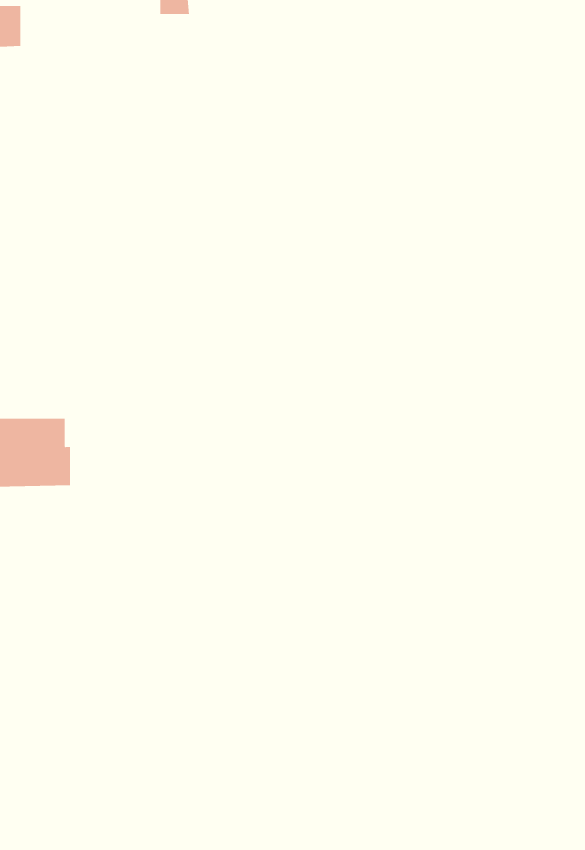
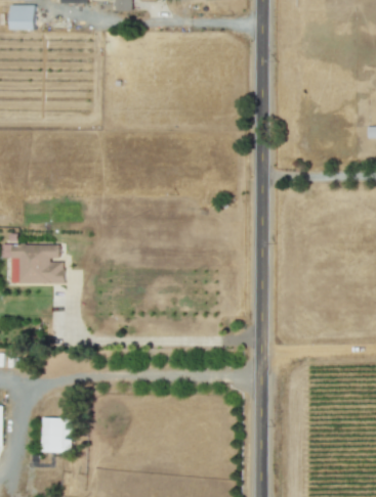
building: none -> [41,418,71,453]

